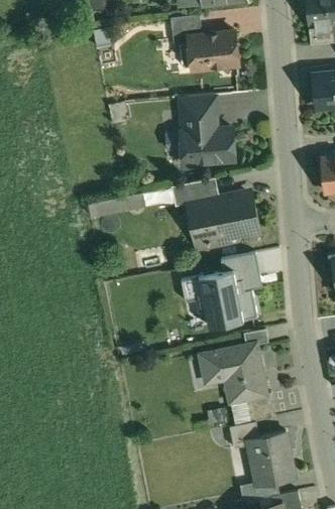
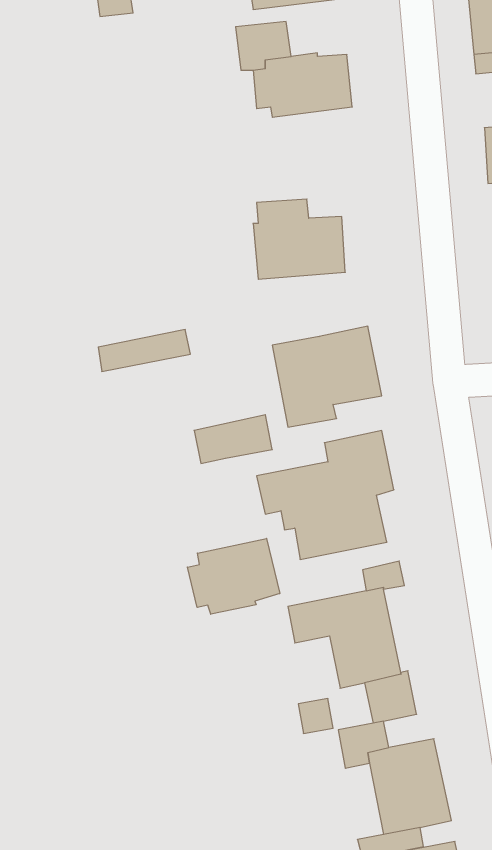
building: [181,95,216,120] -> none
building: [173,177,218,206] -> [194,415,272,463]
building: none -> [187,538,280,614]

